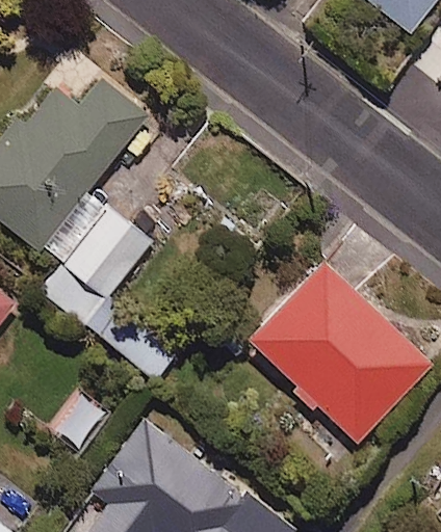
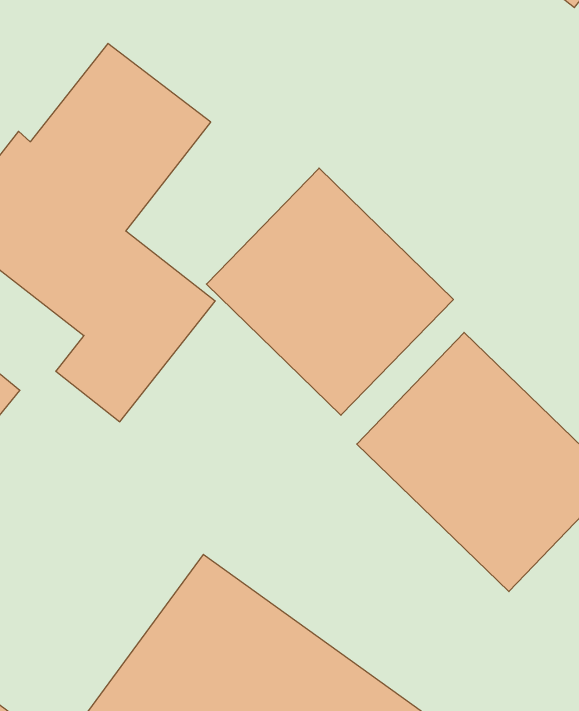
building: none -> [206,168,453,415]

